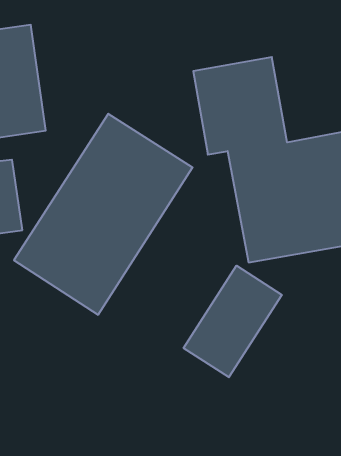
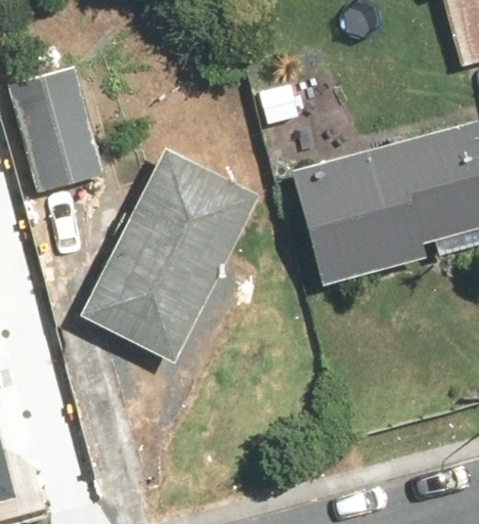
building: [184,266,282,377] -> none

